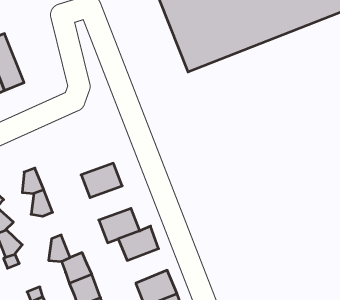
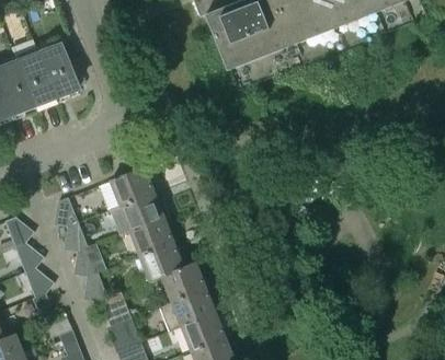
building: none -> [33,37,77,101]
building: none -> [109,165,155,204]
building: none -> [128,216,174,254]
building: none -> [72,243,104,275]
building: none -> [159,286,215,329]

